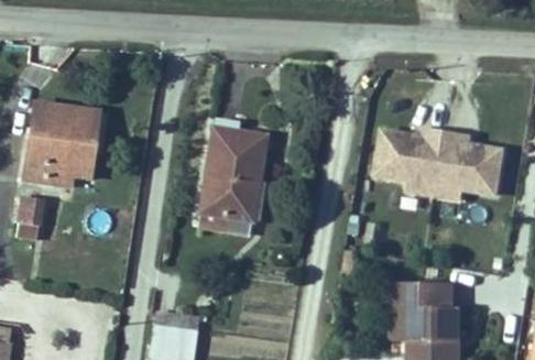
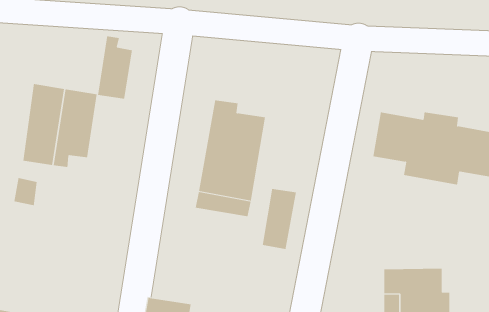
building: none -> [97,35,132,100]
building: none -> [262,188,296,250]

